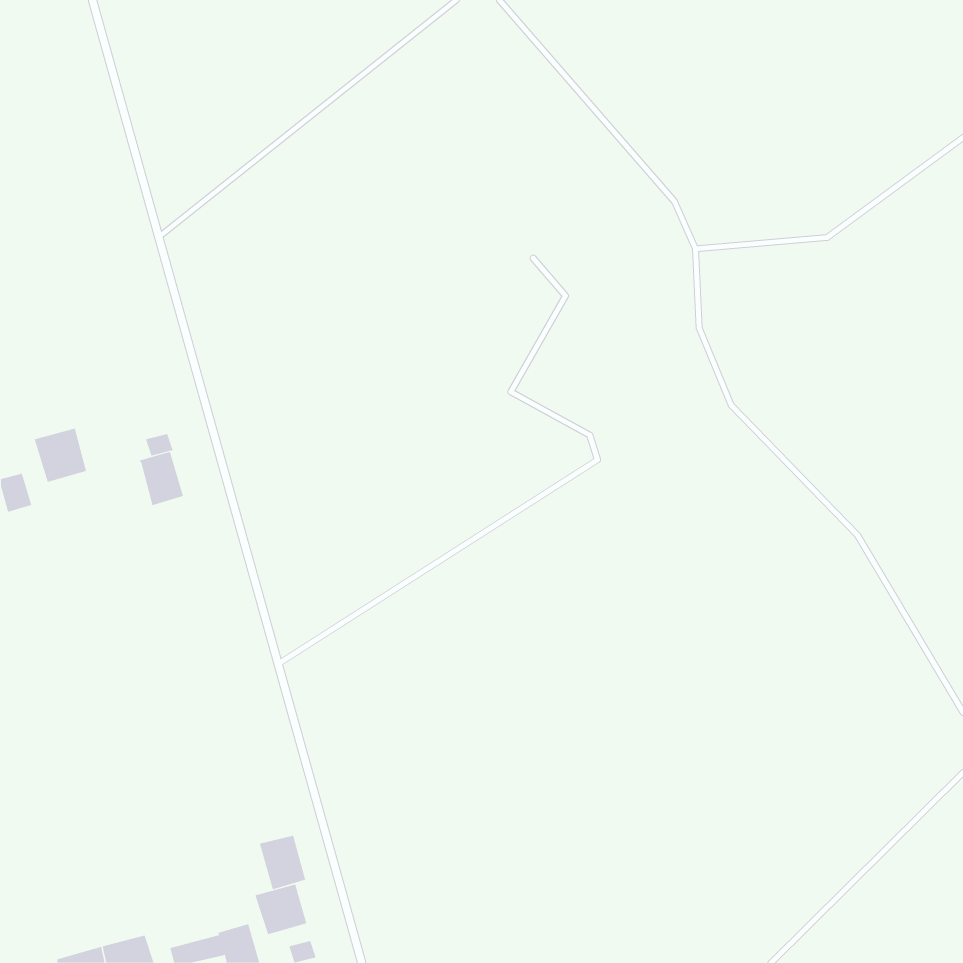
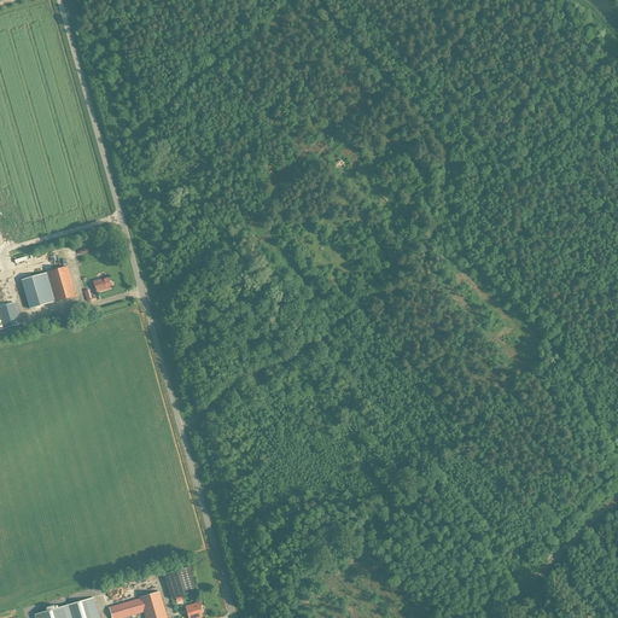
building: [139,451,184,506] -> [47,267,76,302]
building: [259,835,306,890] -> none

